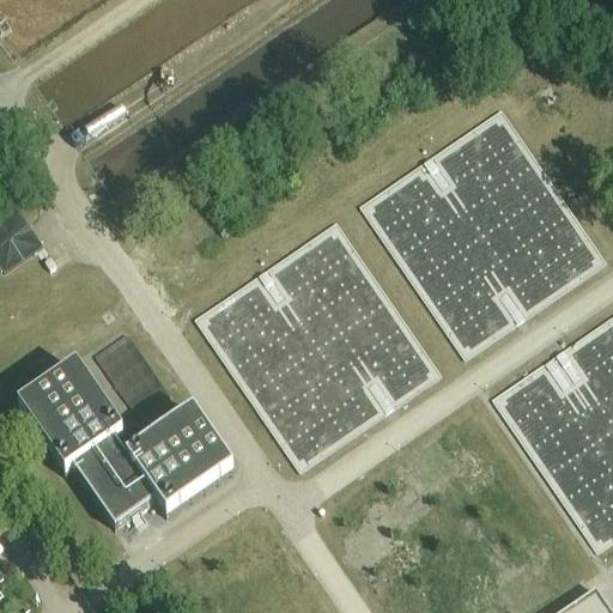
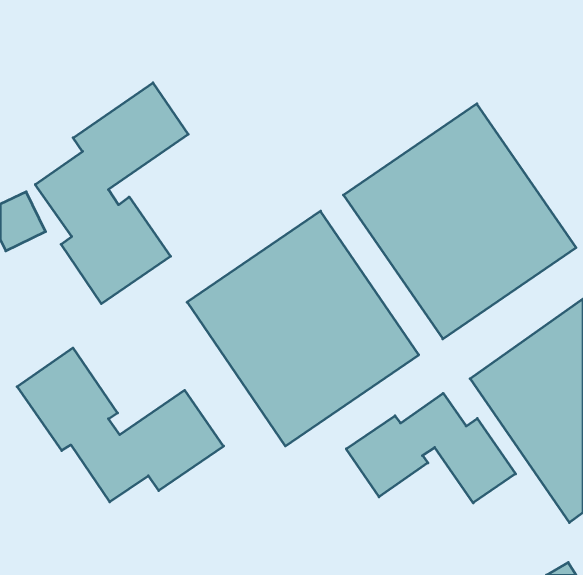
building: none -> [35,83,188,304]
building: none -> [346,393,516,503]

